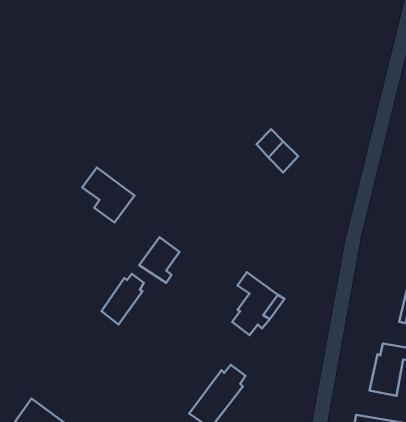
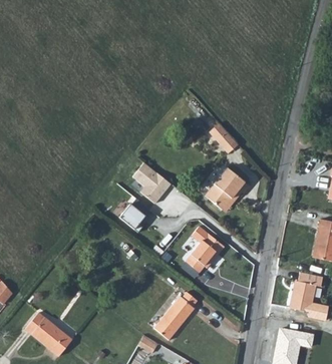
building: [82,167,135,223] -> [129,158,169,200]
building: none -> [204,161,249,205]
building: [101,274,144,325] -> none

